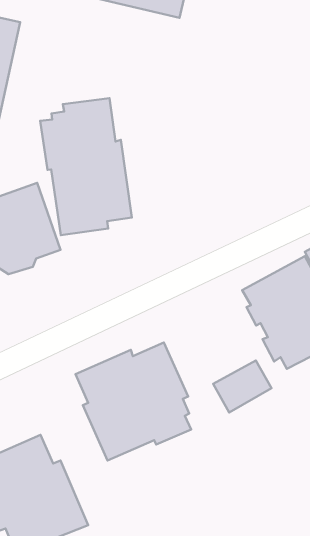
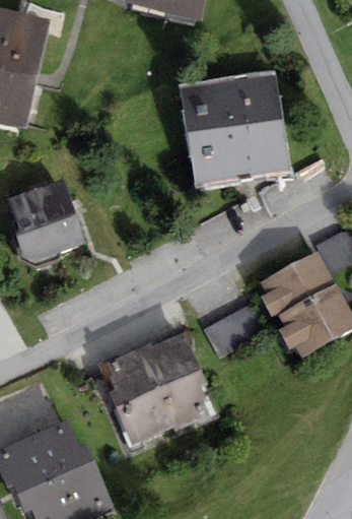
building: none -> [180,70,290,186]
building: [40,98,132,235] -> none
building: [213,360,272,413] -> [204,307,260,356]

